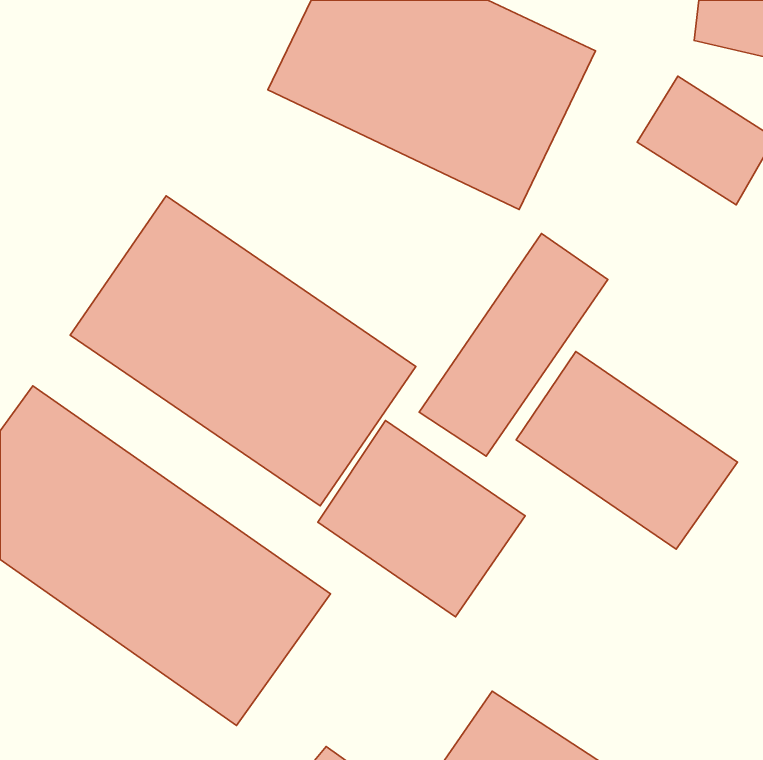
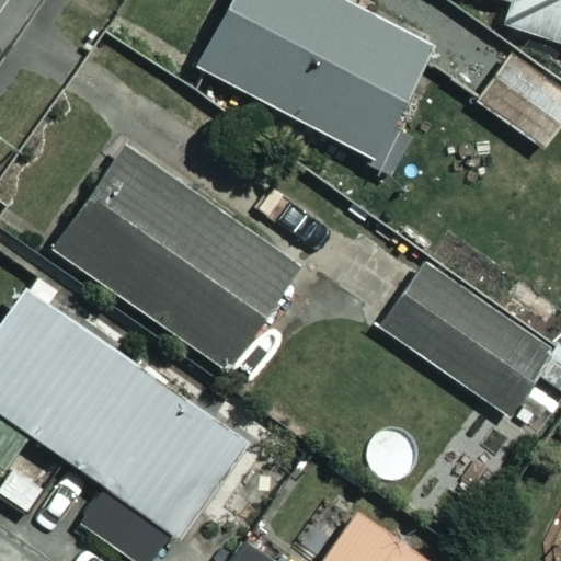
building: [419,234,608,456] -> none
building: [318,420,525,617] -> none

